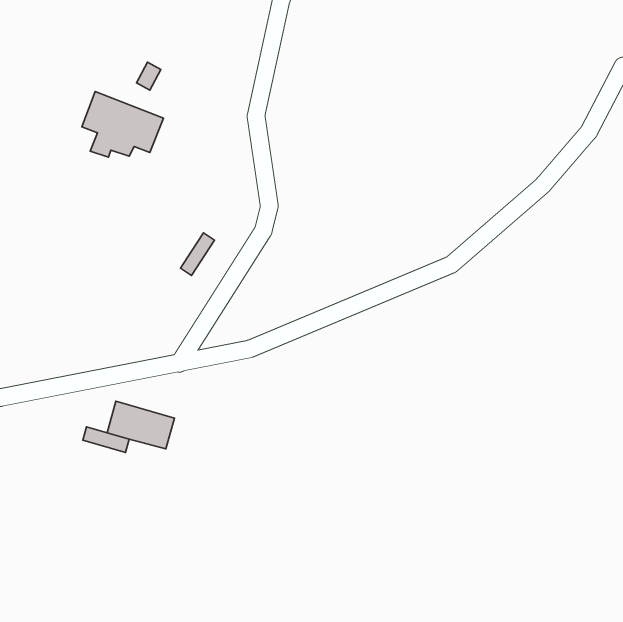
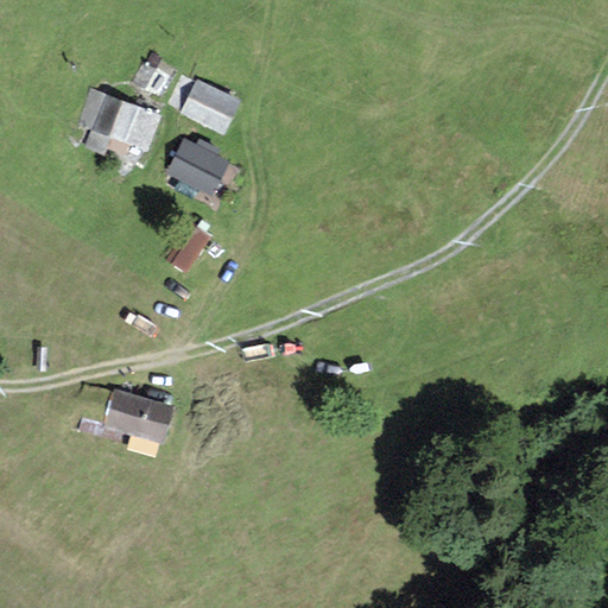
building: none -> [184,81,239,131]
building: none -> [170,139,228,190]

